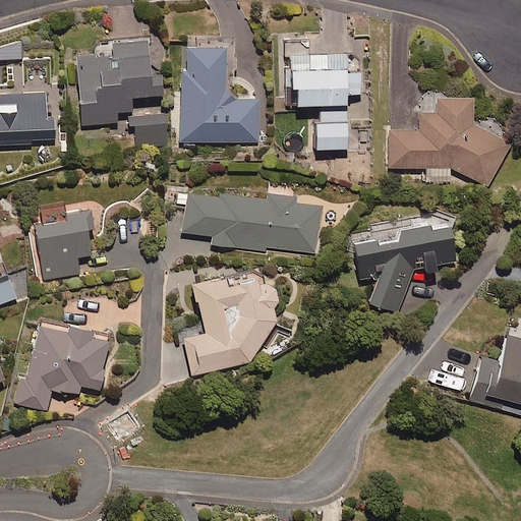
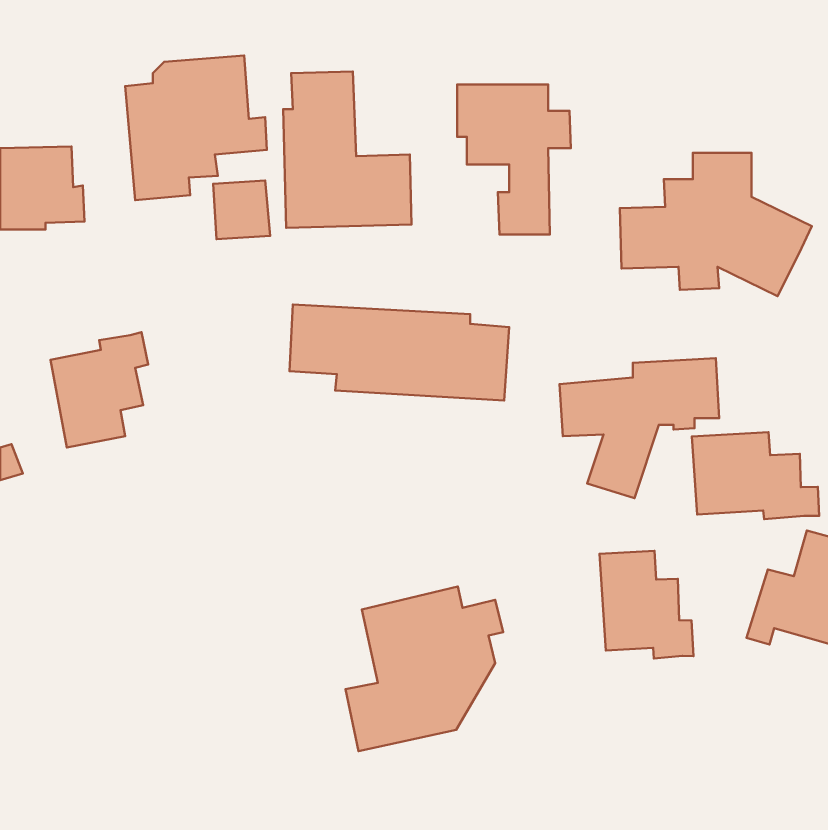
building: none -> [692,432,819,519]
building: [182,273,281,375] -> [345,587,503,751]
building: [9,324,107,411] -> none
building: none -> [600,551,694,659]

